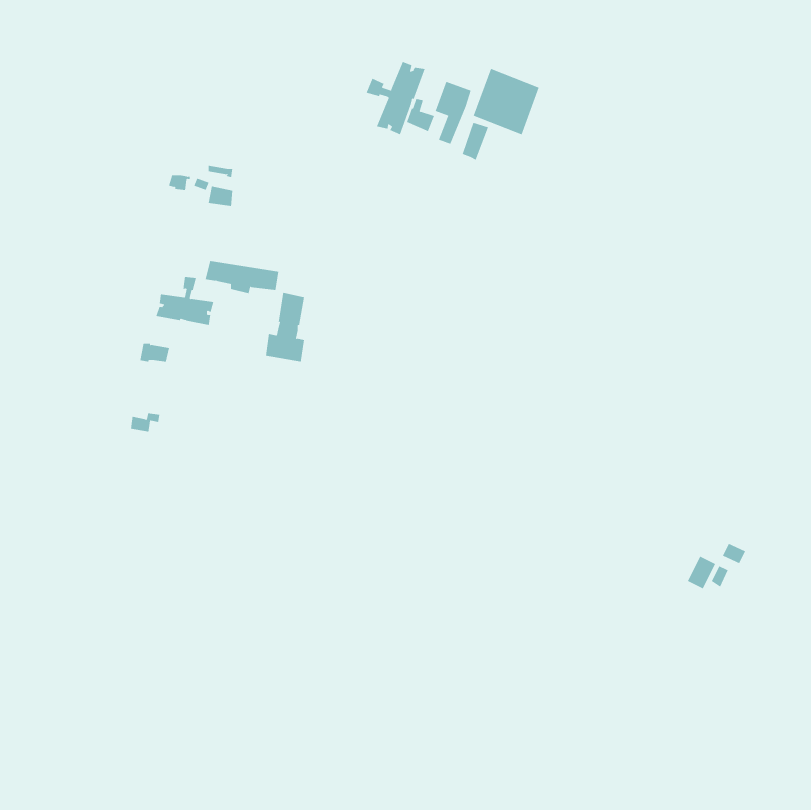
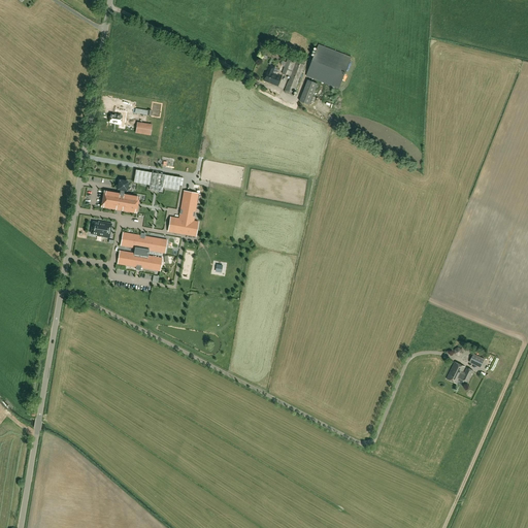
building: [366,61,425,135] -> none
building: none -> [118,232,166,270]

